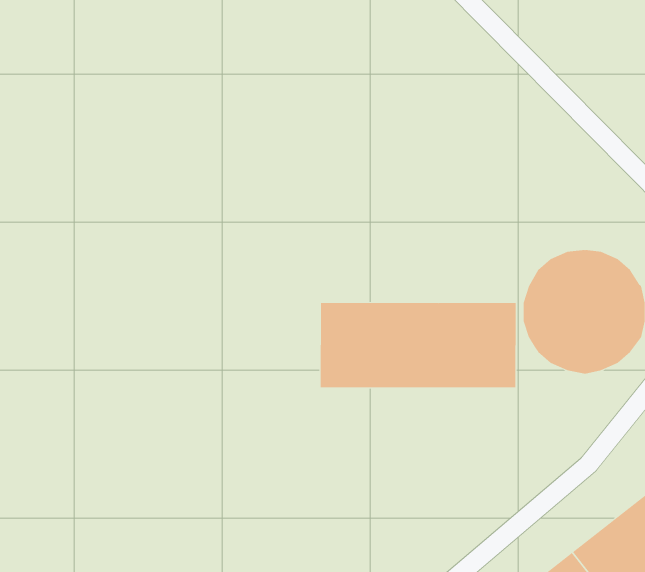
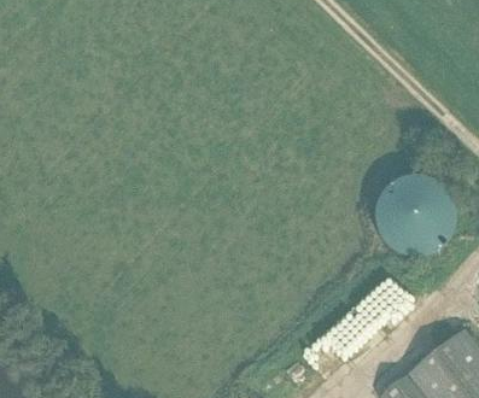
building: [320,302,516,388] -> none

